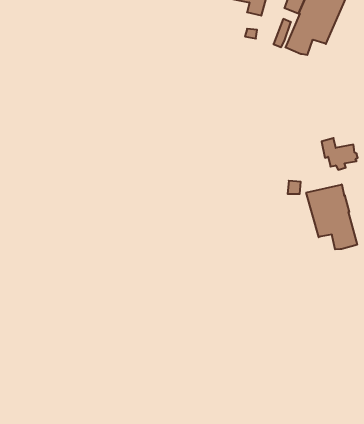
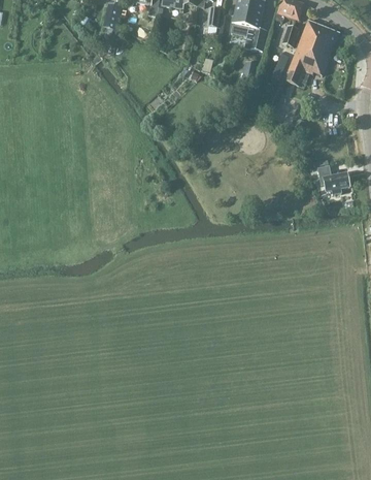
building: [306,184,357,249] -> none

